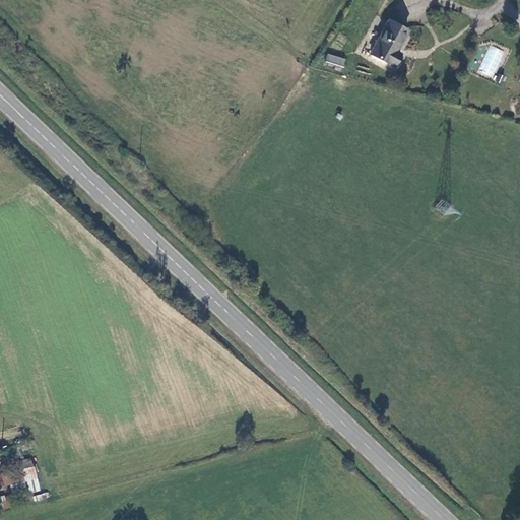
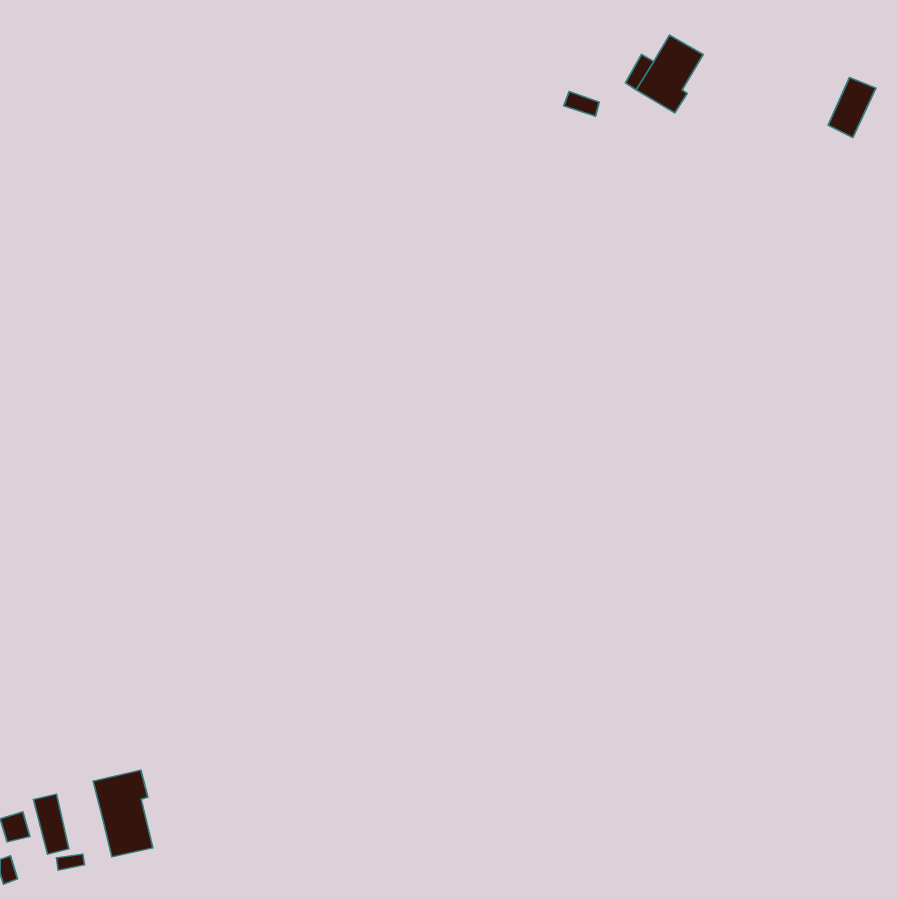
building: none -> [93,770,153,857]

